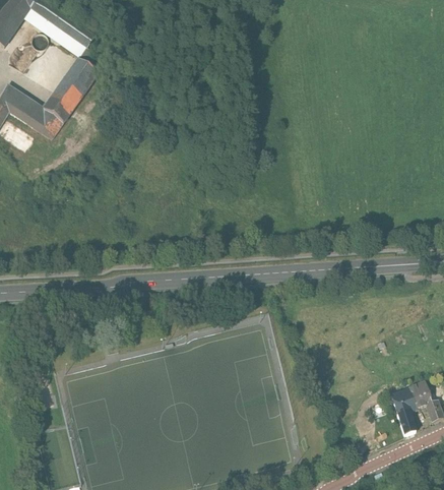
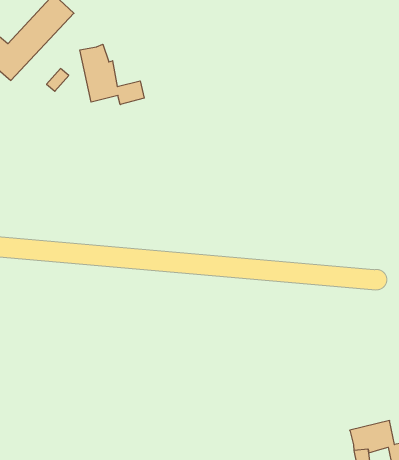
building: none -> [80,44,144,105]

